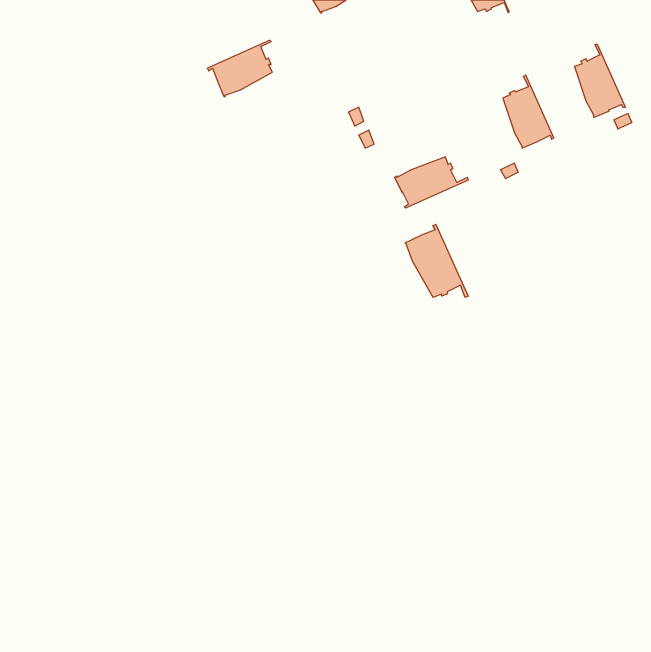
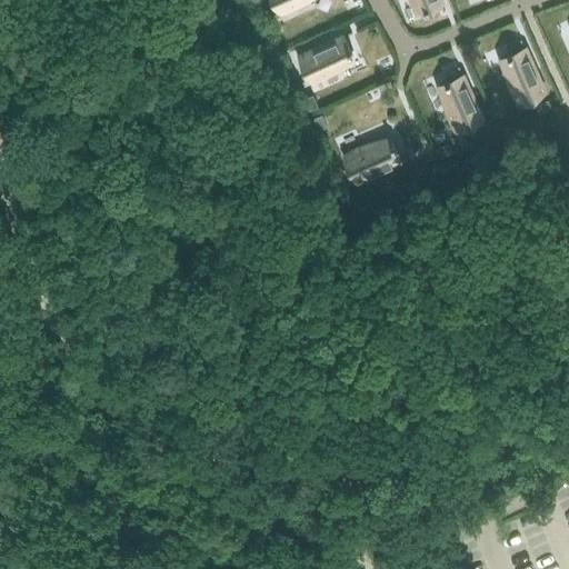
building: [207,40,272,96] -> [296,31,352,80]
building: [405,224,468,297] -> none

